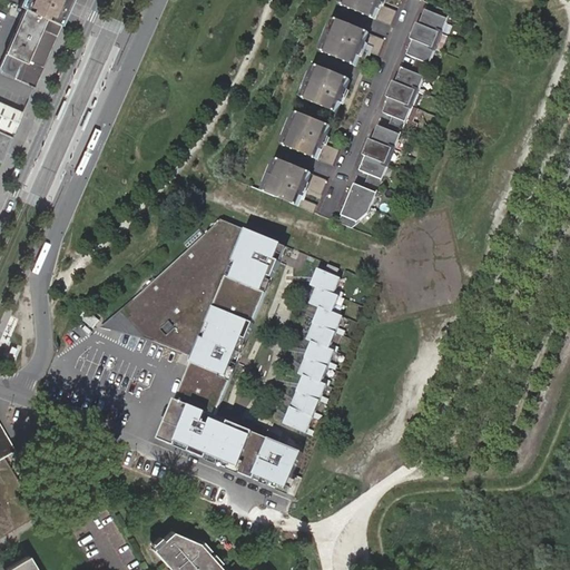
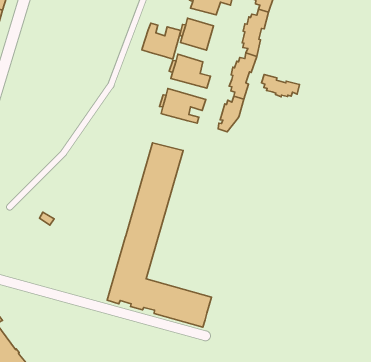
building: none -> [142,23,181,59]
building: none -> [262,74,300,97]
building: [98,217,244,353] -> none
building: [283,267,342,432] -> none

